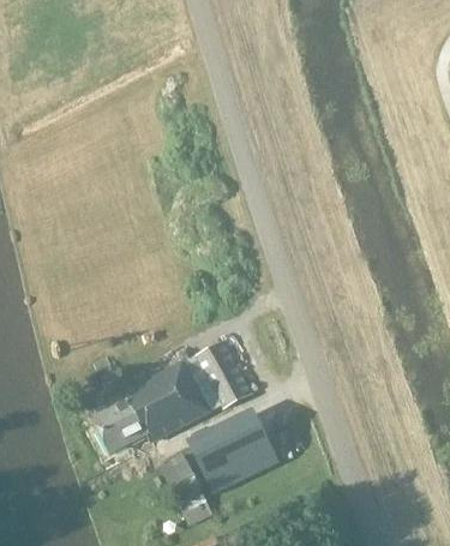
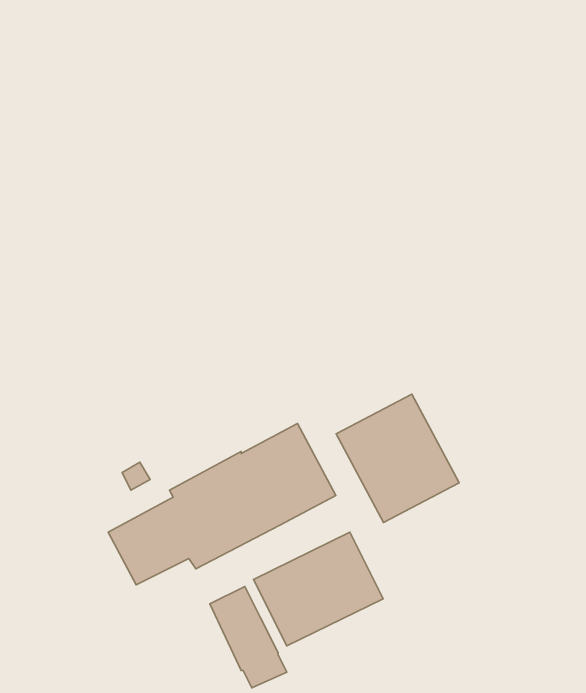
building: none -> [336,394,459,523]

